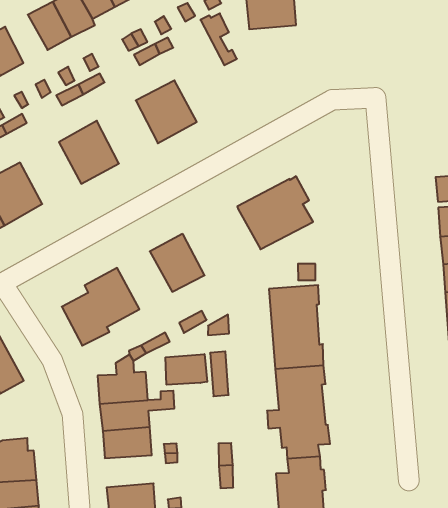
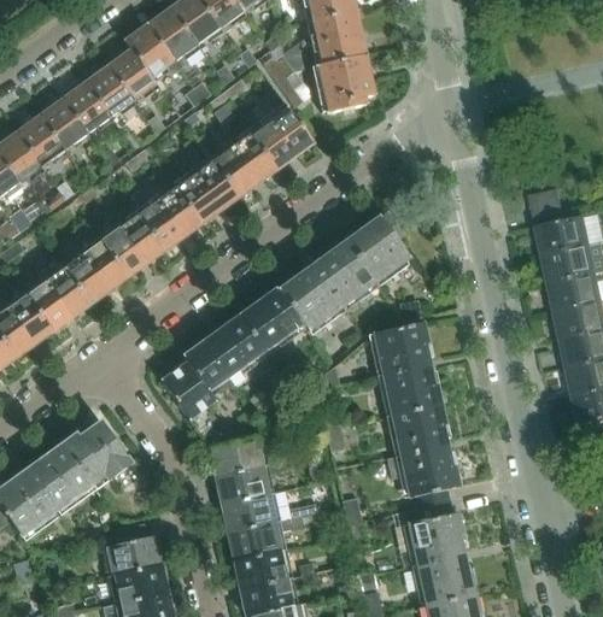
building: none -> [62,83,109,134]
building: none -> [315,55,373,112]
building: none -> [245,102,311,170]
building: none -> [170,157,236,224]
building: none -> [96,211,163,277]
building: none -> [276,254,358,330]
building: none -> [212,311,273,372]
building: [166,354,207,385] -> none
building: none -> [227,522,281,562]

